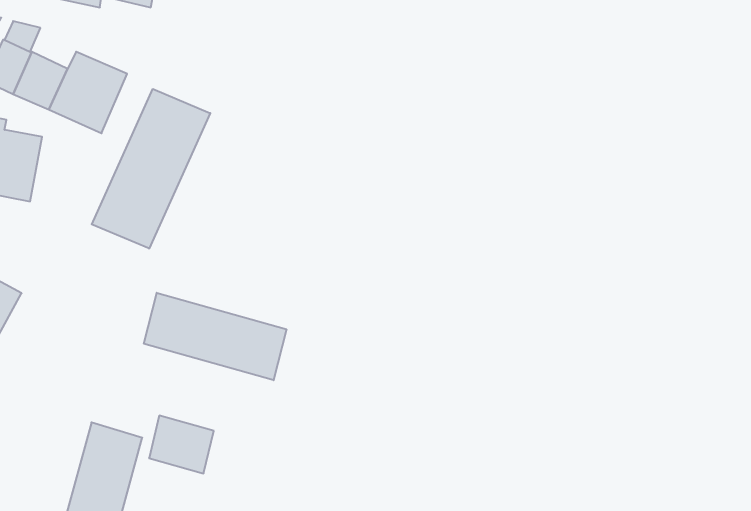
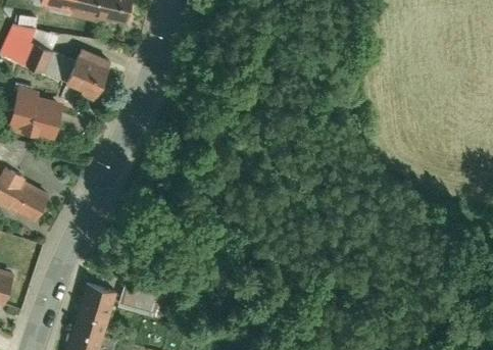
building: [92,89,210,249] -> none
building: [144,293,286,380] -> none

